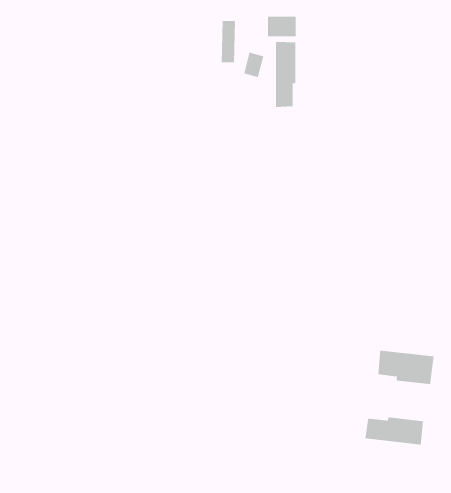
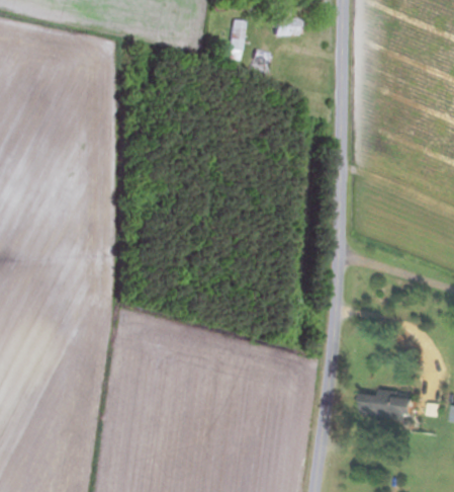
building: [276,41,296,108] -> none
building: [378,350,434,385] -> none

